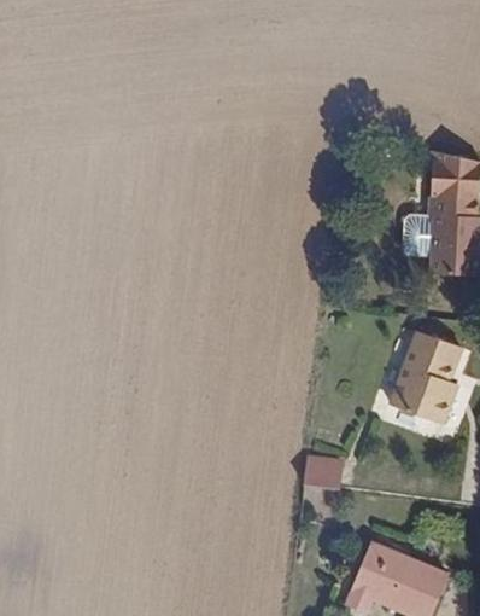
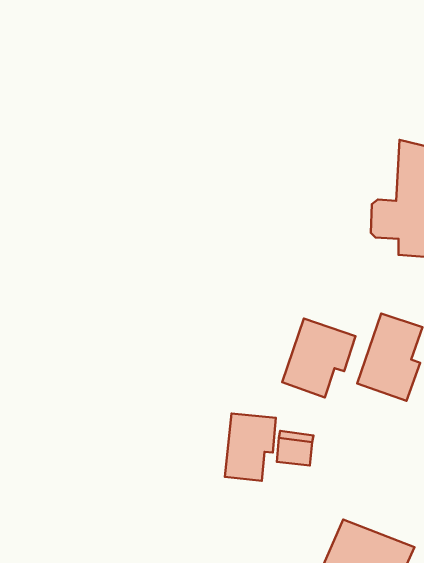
building: none -> [282,319,356,397]
building: none -> [225,414,276,481]

